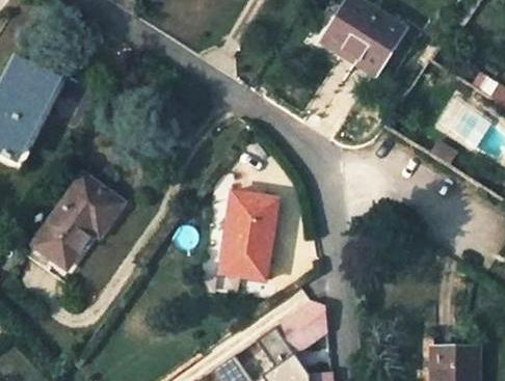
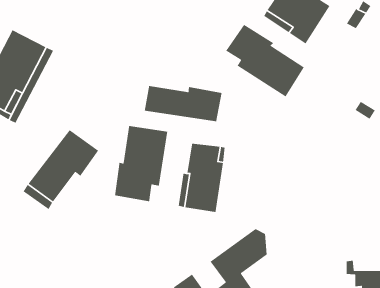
building: none -> [225,24,305,98]
building: none -> [144,85,223,122]
building: none -> [114,125,168,202]

